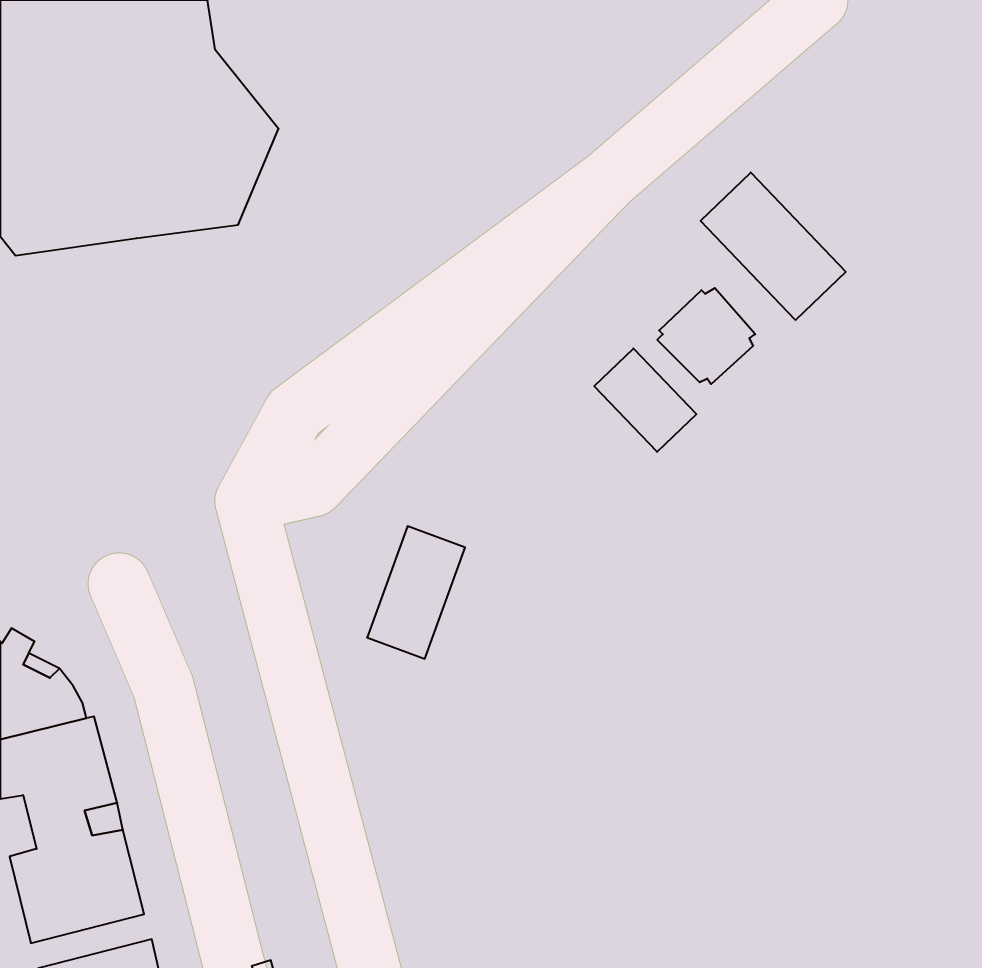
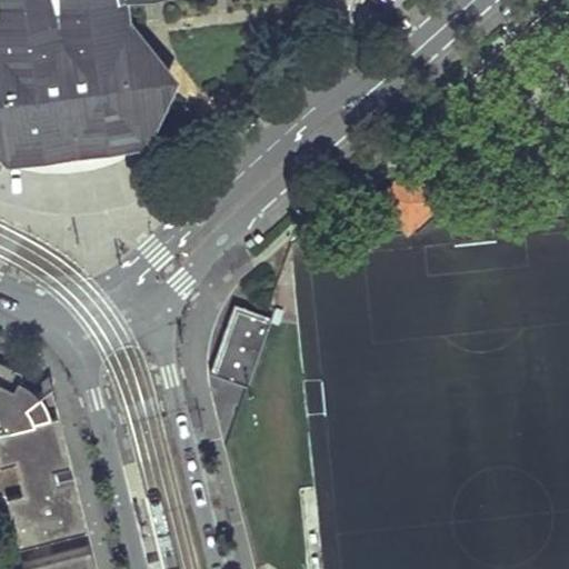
building: [701,172,846,320] -> none
building: [594,348,696,452] -> none

